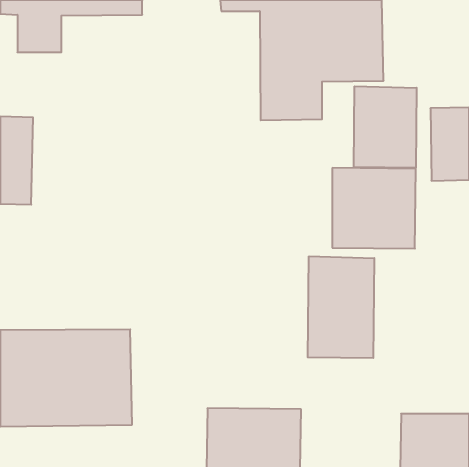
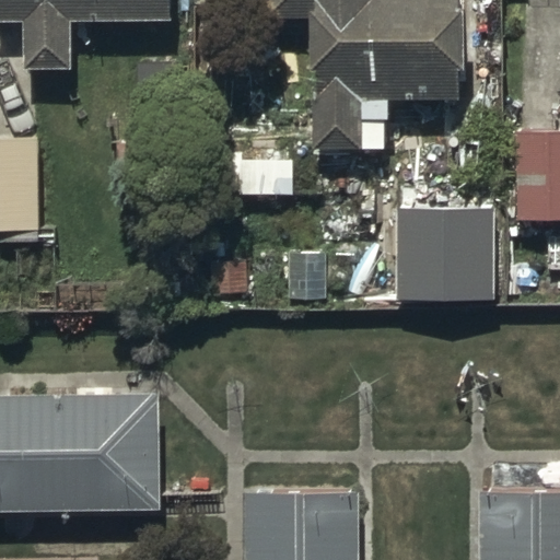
building: [354,86,417,168] -> none
building: [308,256,374,358] -> none

